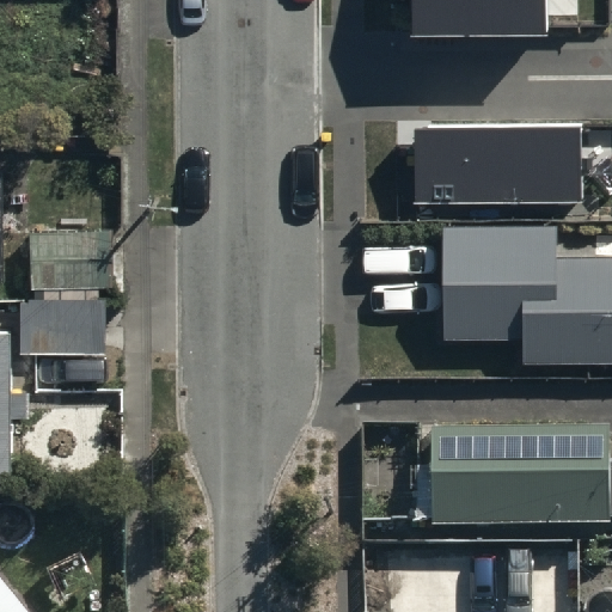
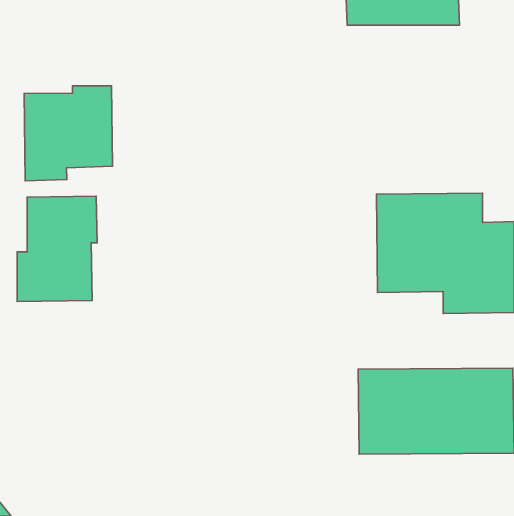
building: none -> [24,86,112,181]
building: [415,124,577,201] -> none

